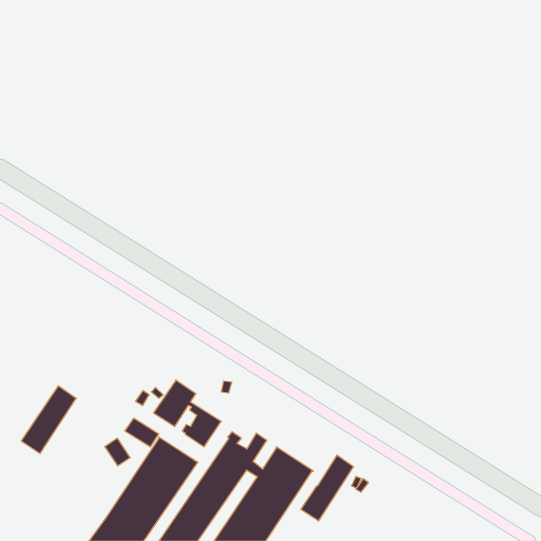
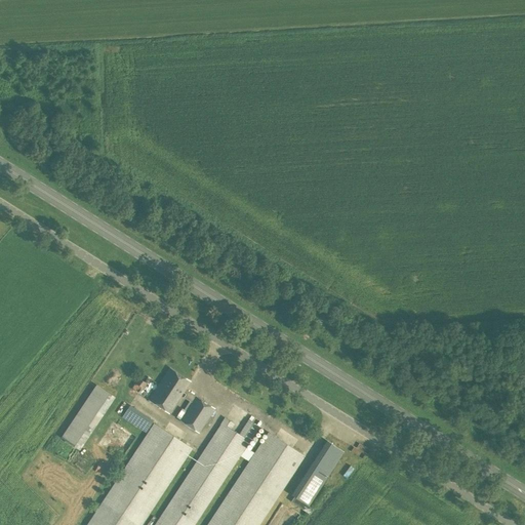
building: [21,386,76,454] -> [60,385,114,450]

